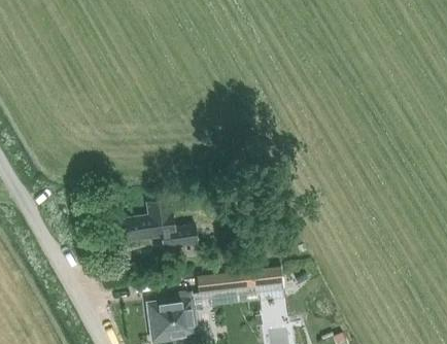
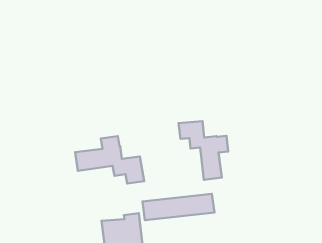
building: none -> [179,121,228,180]

